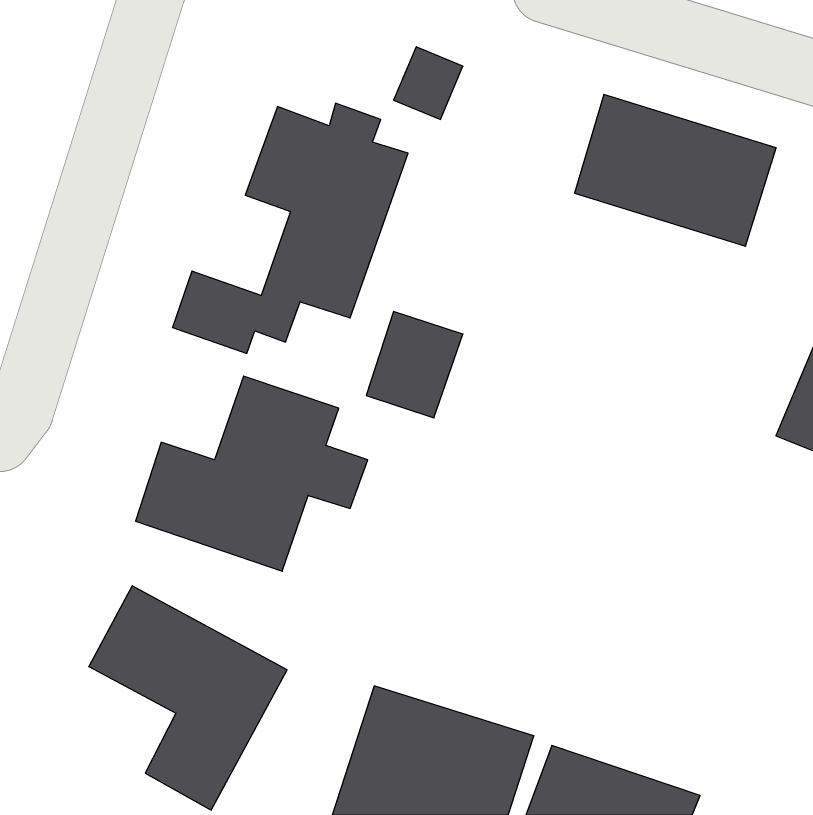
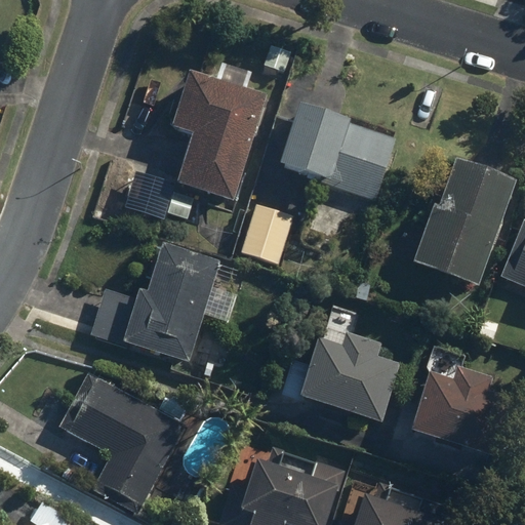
building: [575,95,776,246] -> [271,107,399,203]
building: none -> [410,165,514,288]
building: none -> [294,328,401,425]
building: none -> [403,362,520,460]

